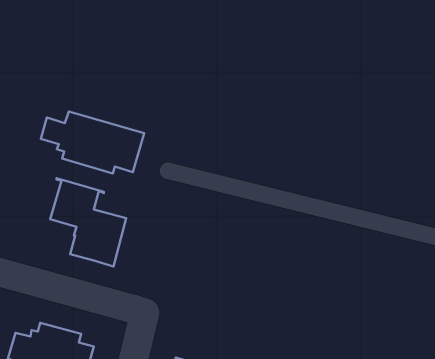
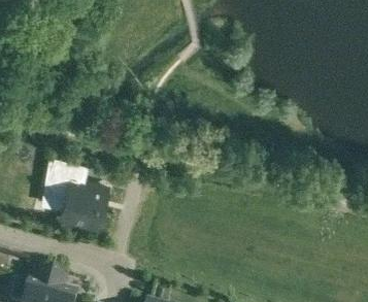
building: [41,111,144,174] -> none

